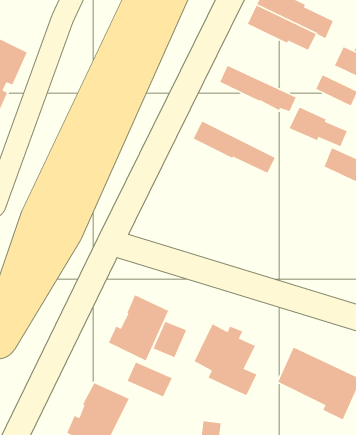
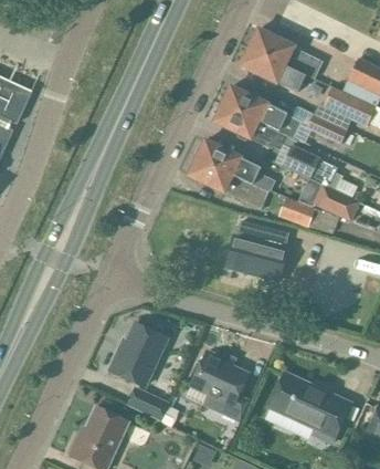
building: none -> [221,86,300,137]
building: none -> [197,140,275,192]
building: none -> [278,197,314,227]
building: none -> [224,221,287,281]
building: [153,321,187,358] -> none

